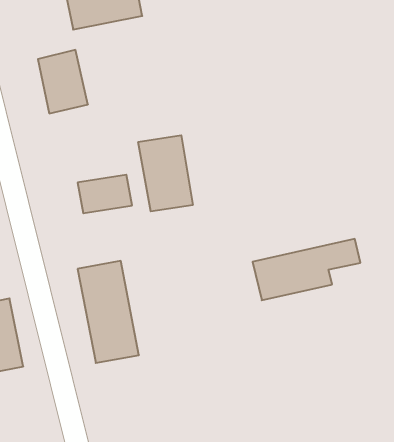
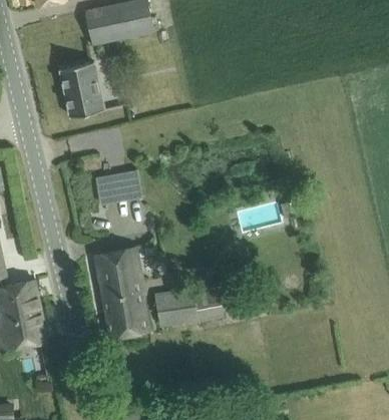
building: [138,135,193,211] -> none
building: [253,239,360,300] -> [154,278,250,332]

